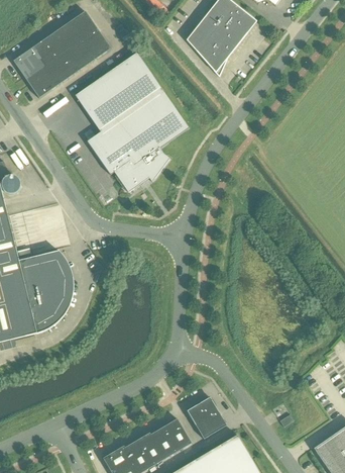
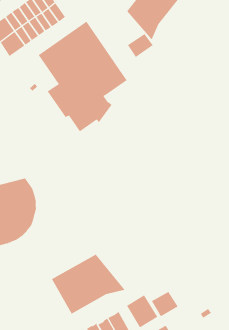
building: none -> [127,33,153,58]
building: none -> [51,254,125,314]
building: none -> [151,291,178,317]

